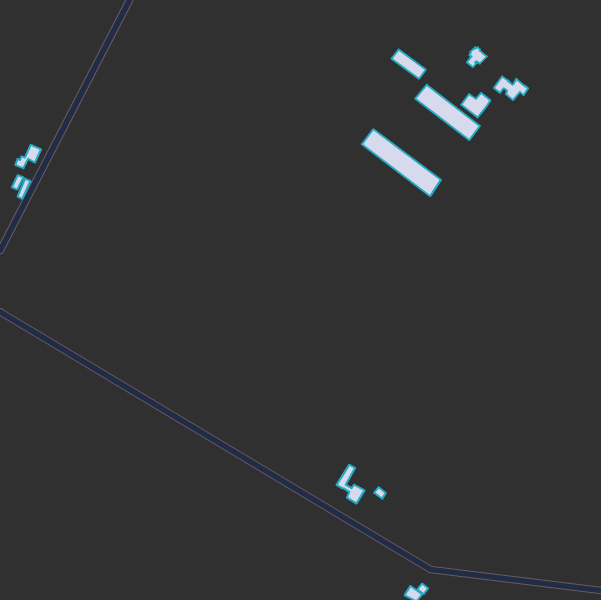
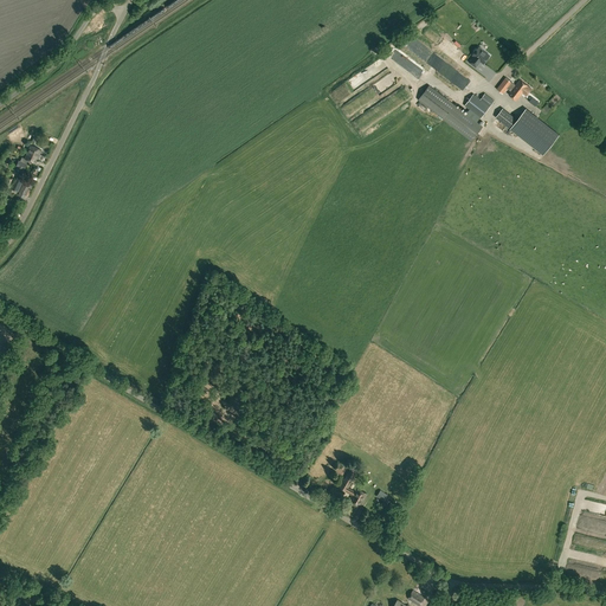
building: none -> [497,110,559,155]
building: [362,129,441,196] -> none

